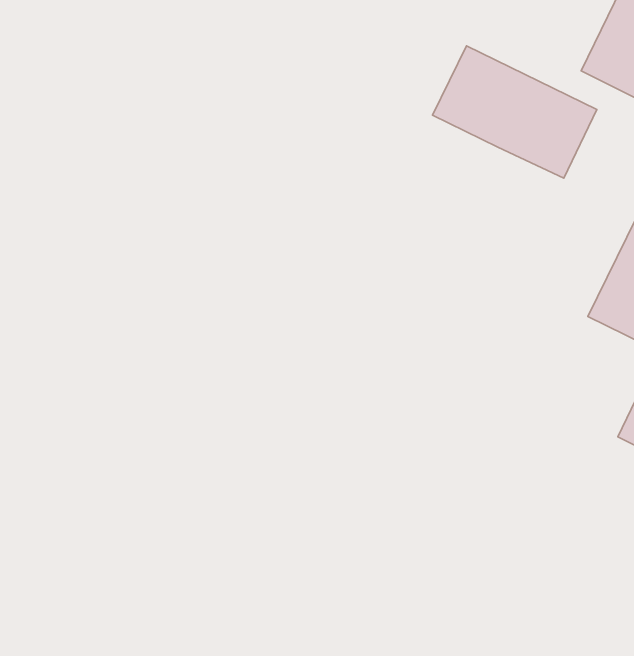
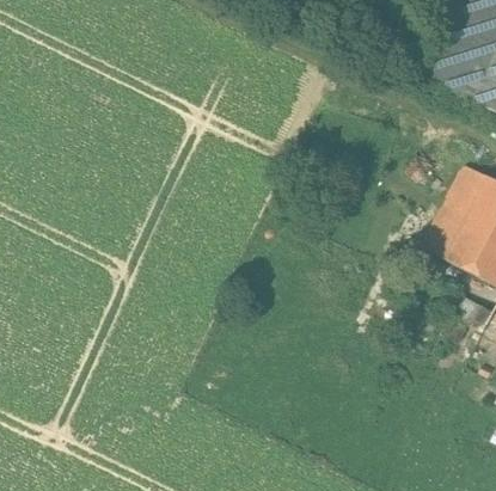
building: [433,46,597,178] -> none

